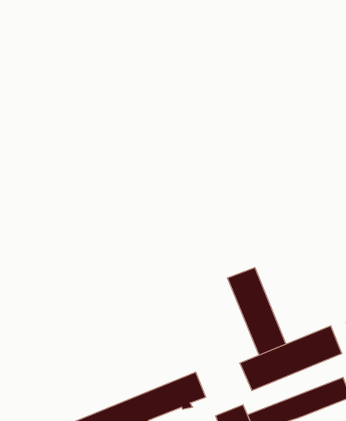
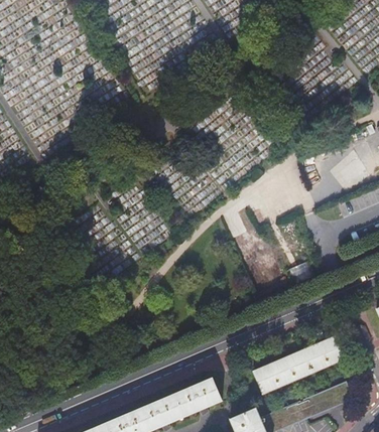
building: [227,268,286,355] -> none

